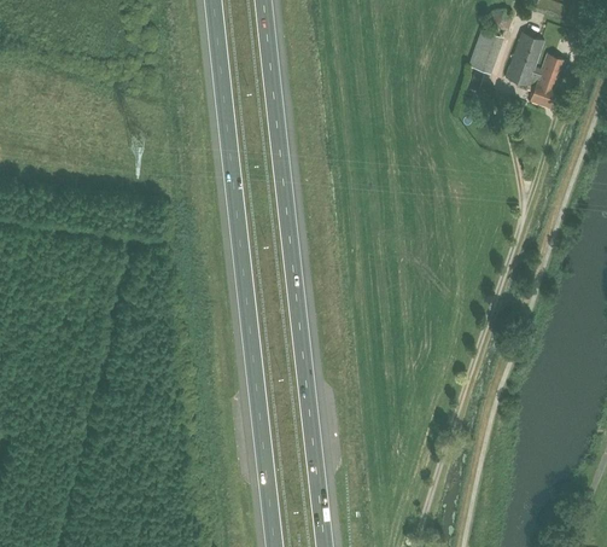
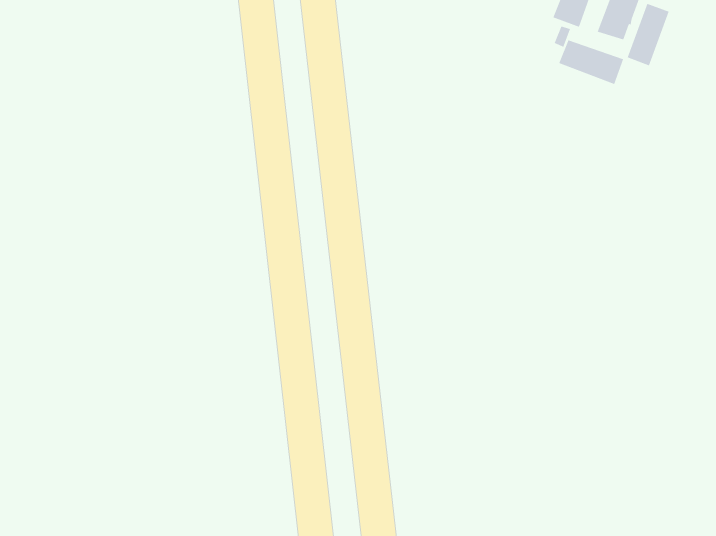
building: none -> [558,40,624,85]

